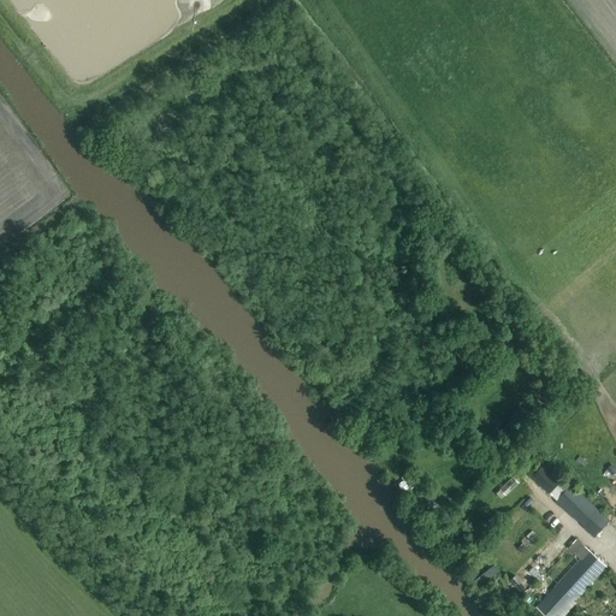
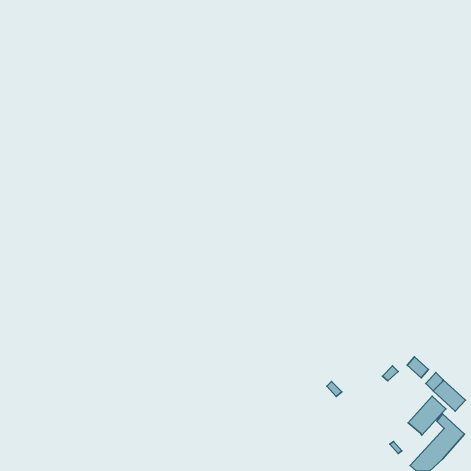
building: none -> [408,396,446,435]

